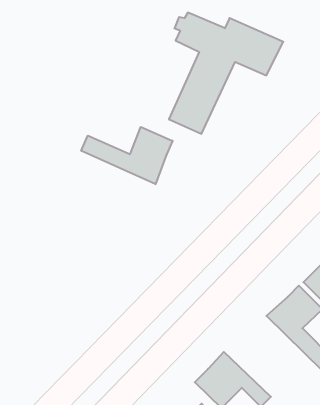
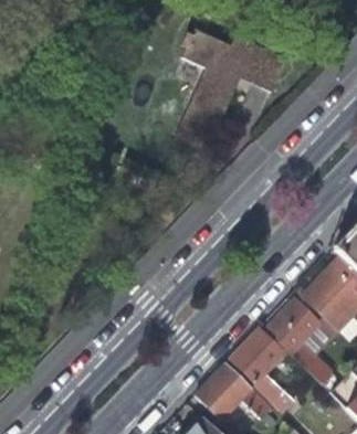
building: [81,127,173,184] -> none
building: none -> [230,329,295,413]

